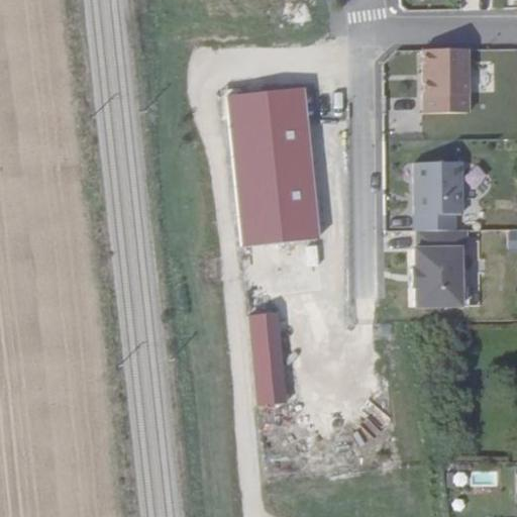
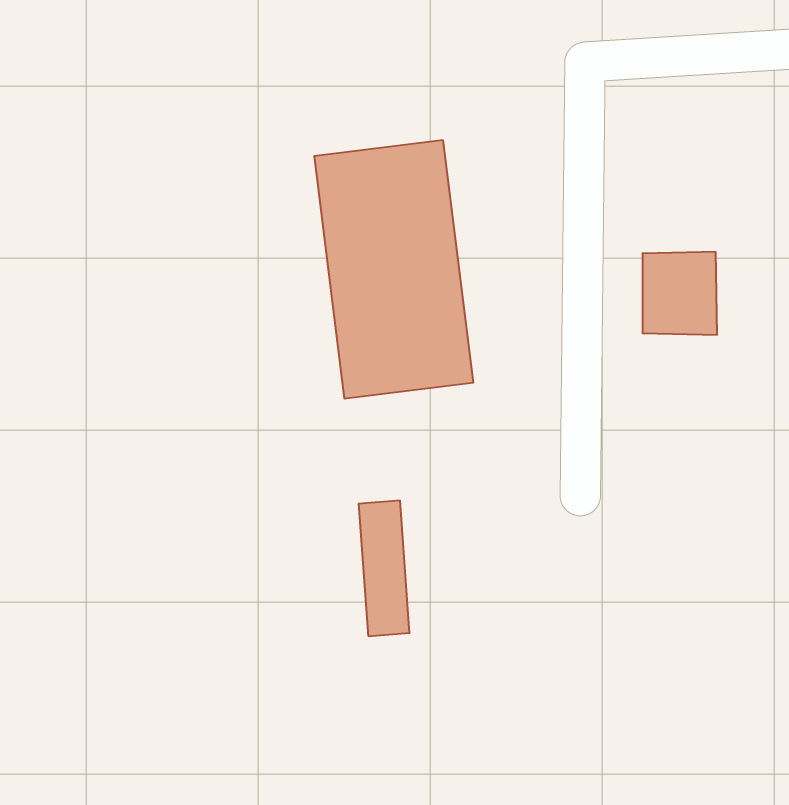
building: [429,43,475,107] -> none
building: [416,228,481,304] -> none

